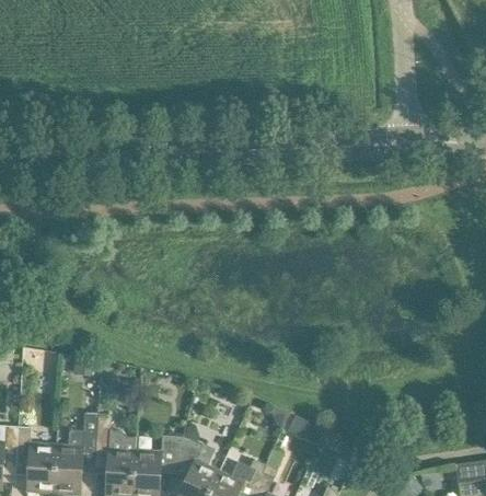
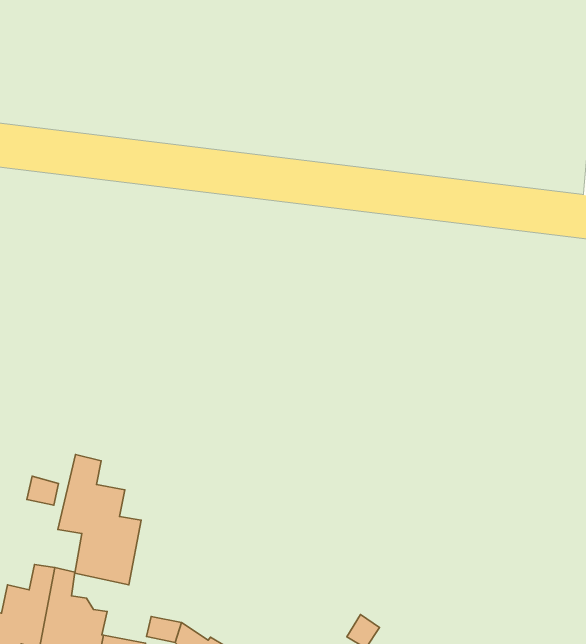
building: none -> [58,455,141,585]

